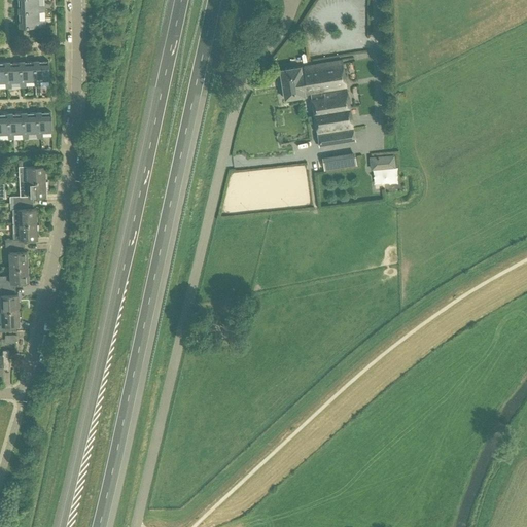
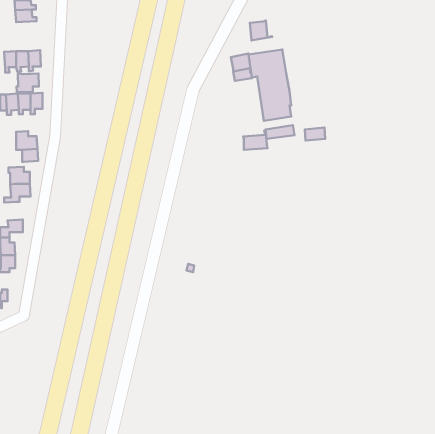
building: none -> [250,21,272,40]
building: none -> [16,73,39,92]
building: none -> [243,131,267,150]
building: [5,245,28,268] -> none

